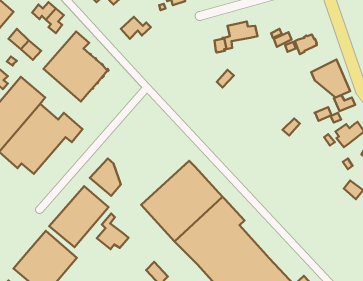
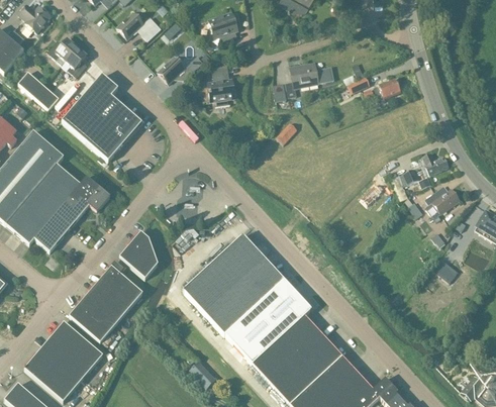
building: none -> [203,64,235,105]
building: [311,60,350,97] -> none
building: [97,213,129,249] -> none

